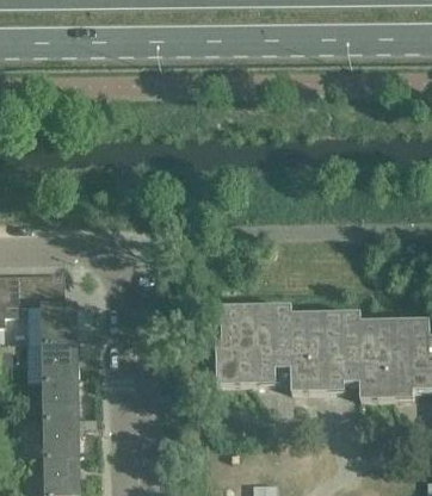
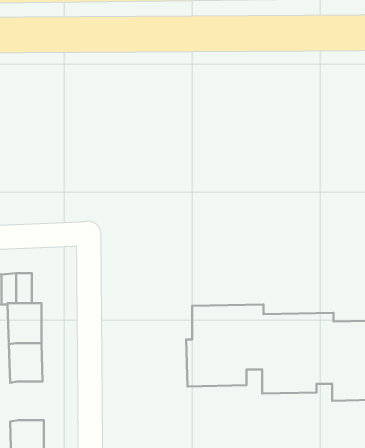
building: [42,382,75,421] -> none

